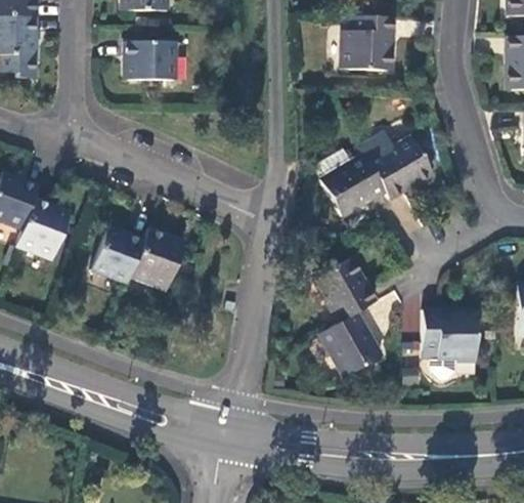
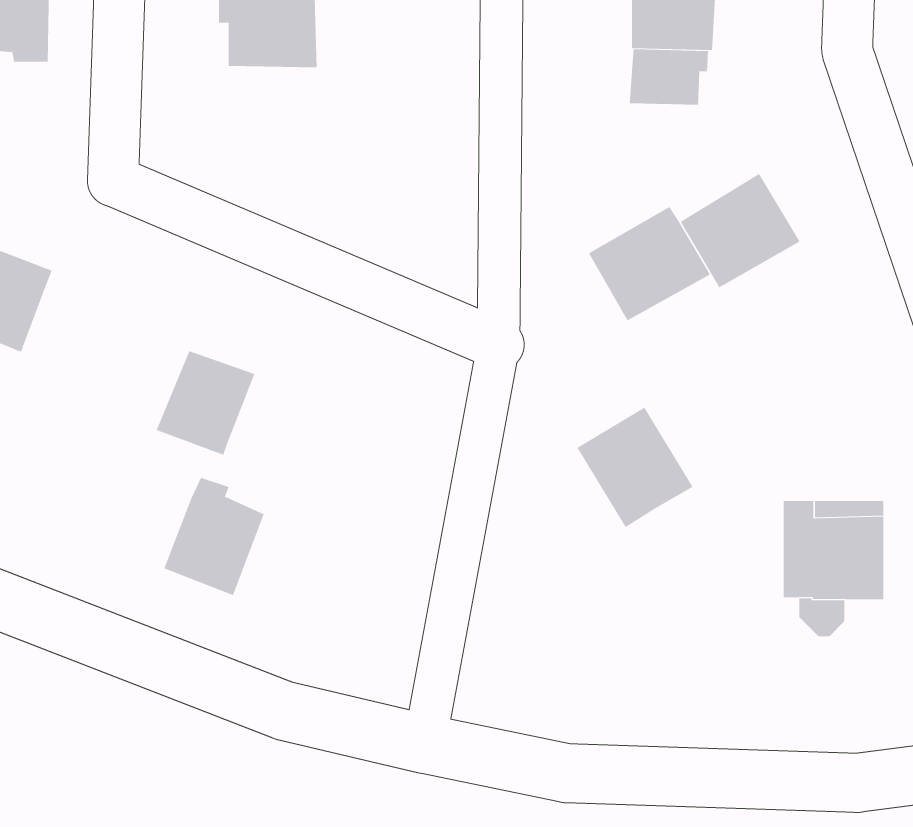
building: none -> [629,49,708,106]
building: [16,197,71,259] -> none
building: [131,229,184,292] -> [163,477,265,596]
building: [320,311,382,375] -> none

